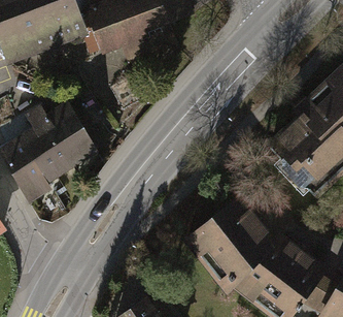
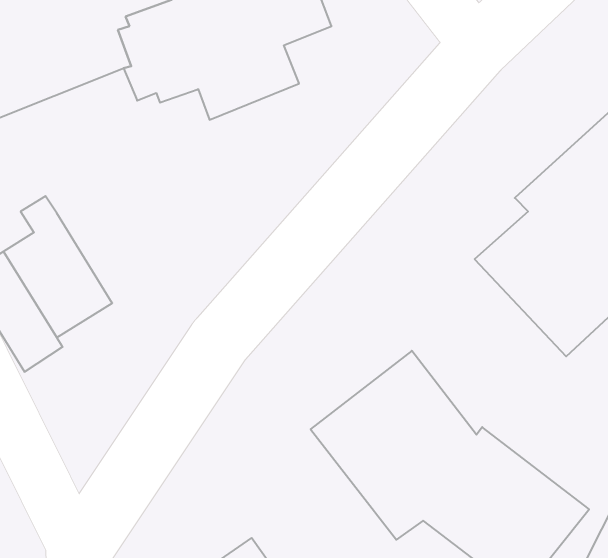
building: [43,105,95,167] -> none

